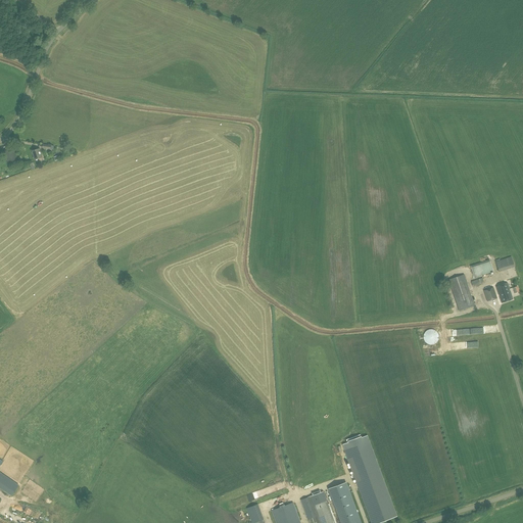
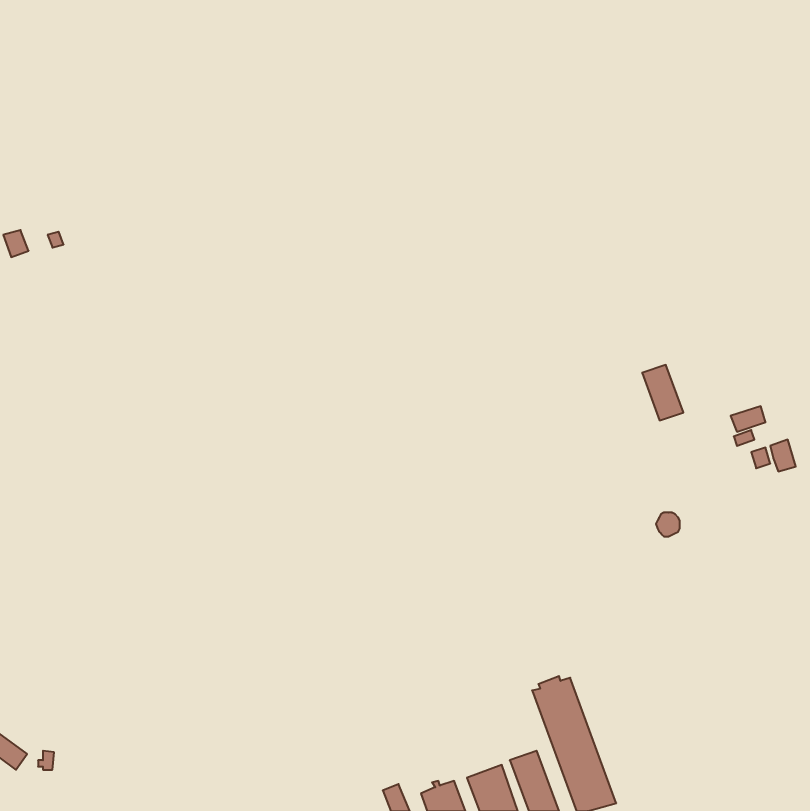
building: [447,275,474,311] -> [642,365,683,420]

